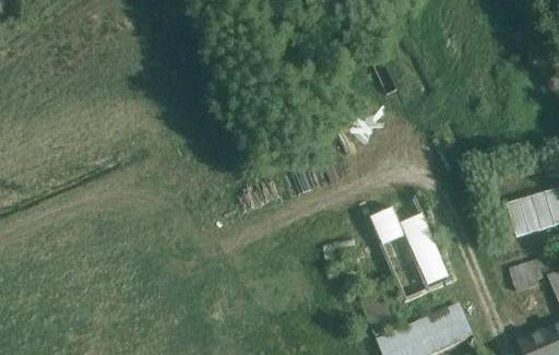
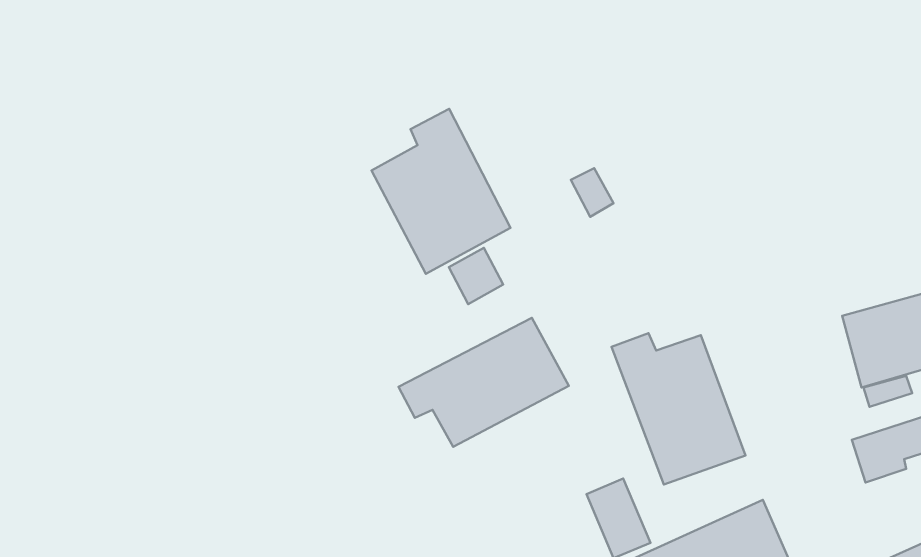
building: none -> [371,109,510,274]
building: none -> [398,318,569,447]

